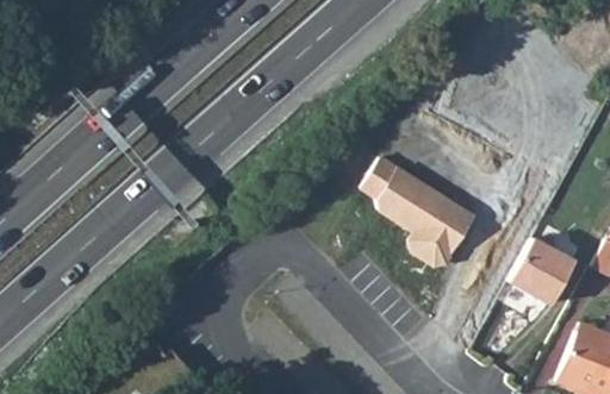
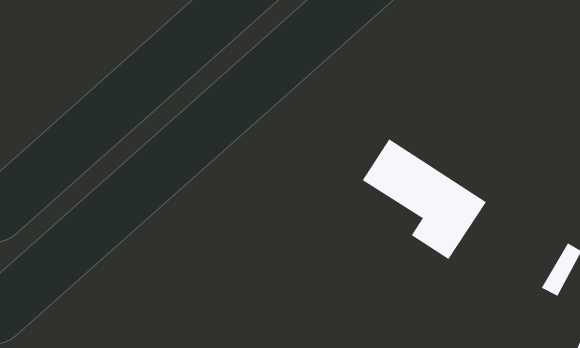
building: [509,238,559,296] -> none

